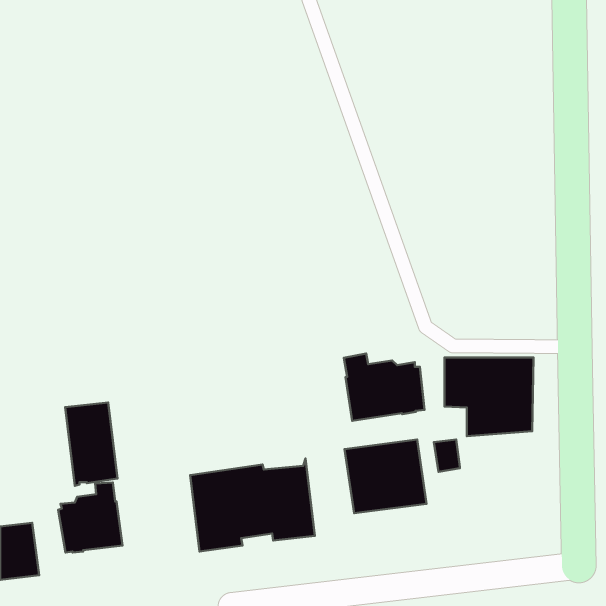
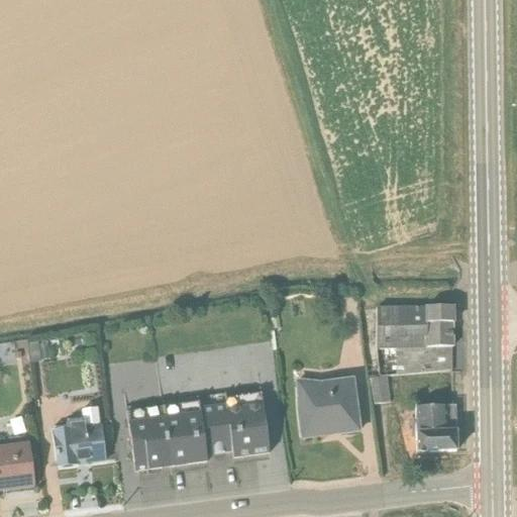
building: [344,354,424,421] -> none
building: [65,403,118,486] -> [126,404,171,475]
building: none -> [418,403,458,449]

